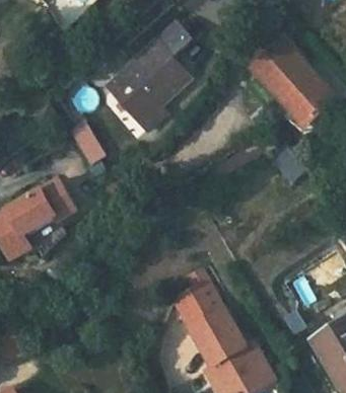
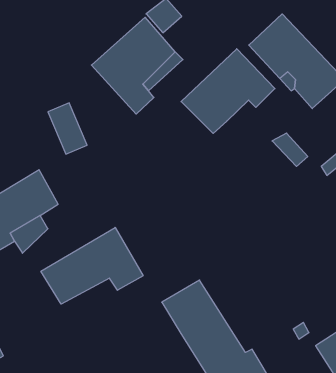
building: none -> [181,49,275,133]
building: none -> [41,227,143,304]

